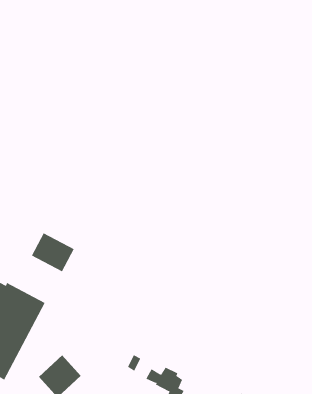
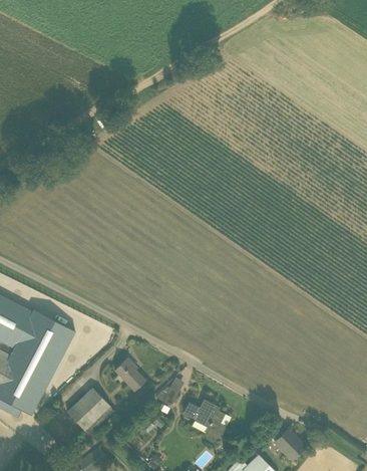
building: [31,233,75,272] -> none
building: none -> [115,358,145,390]

